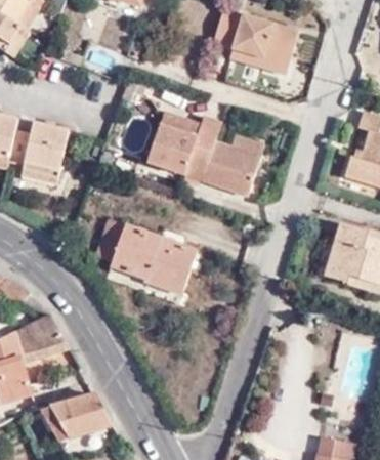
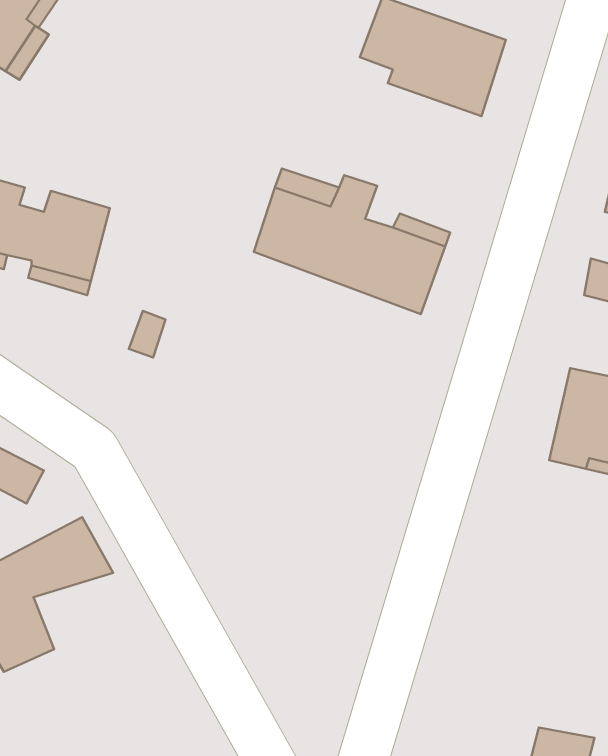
building: [96,217,197,291] -> none
building: [42,393,117,438] -> none

